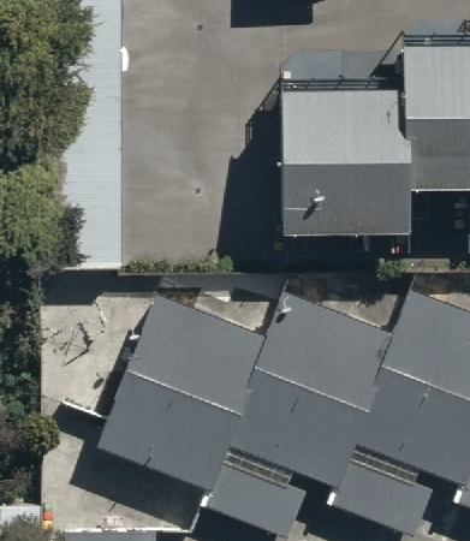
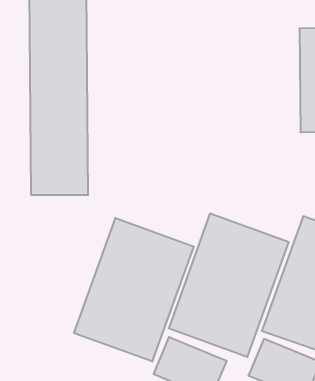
building: [280,91,405,231] -> none

